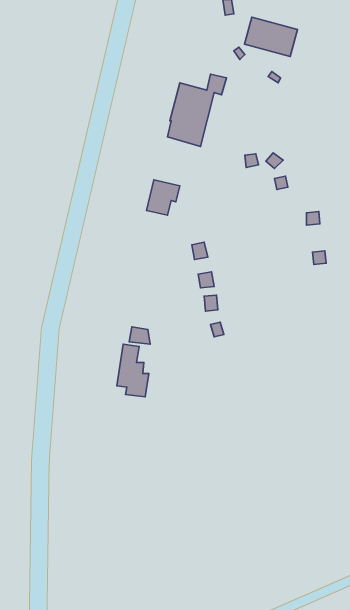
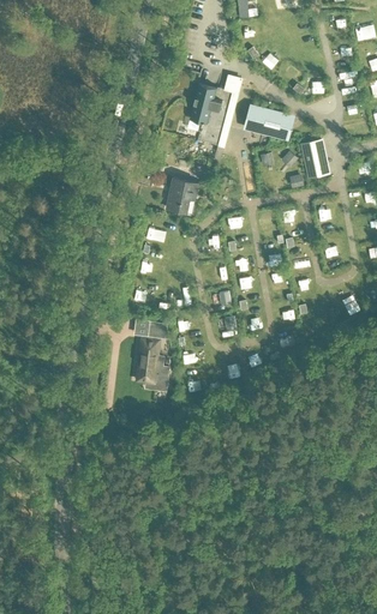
building: [245,17,297,56] -> [243,103,294,142]
building: none -> [299,138,329,177]

